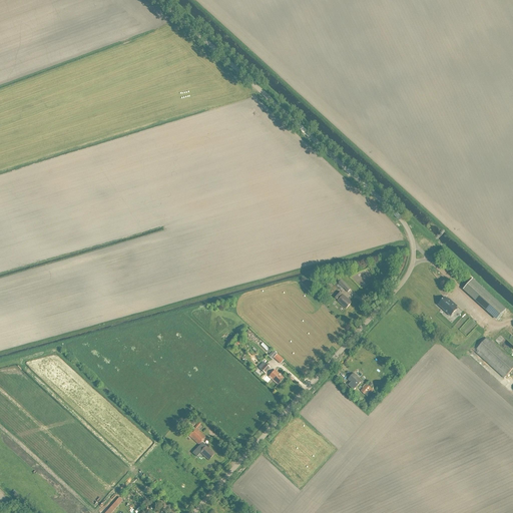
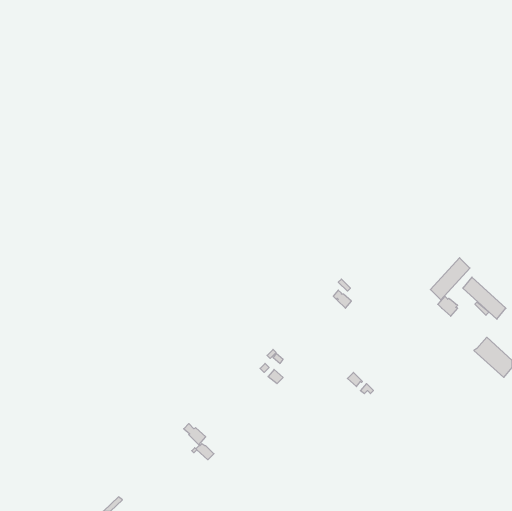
building: none -> [430,258,470,300]

